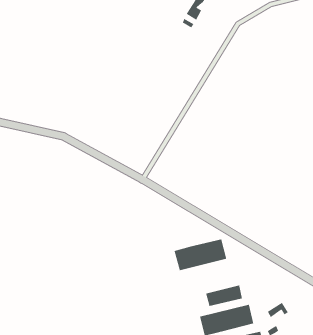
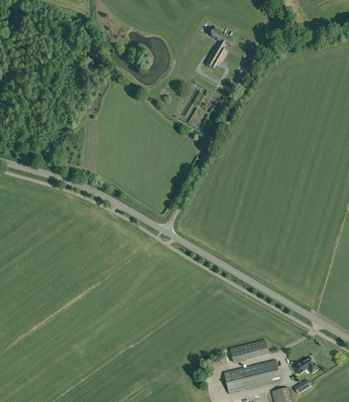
building: [174,238,227,271] -> none

